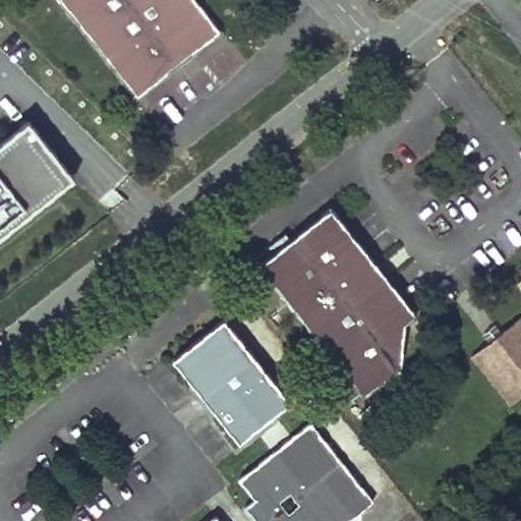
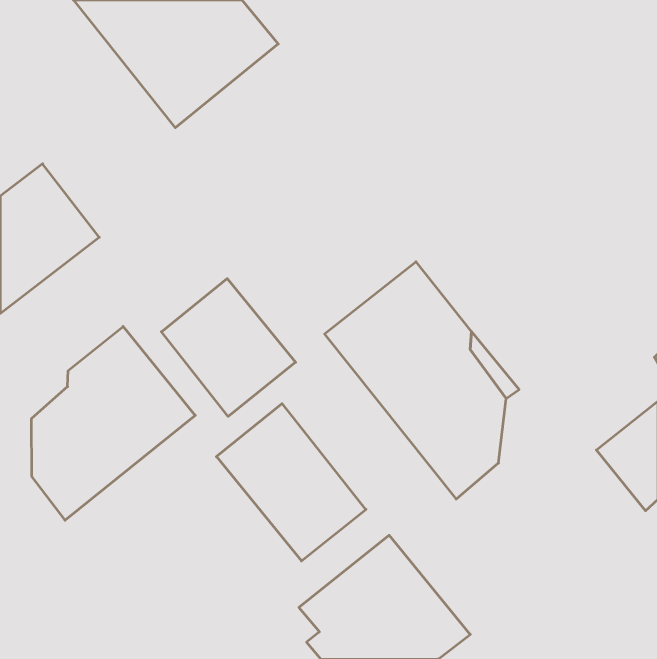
building: none -> [161,279,296,416]
building: none -> [32,326,195,520]

